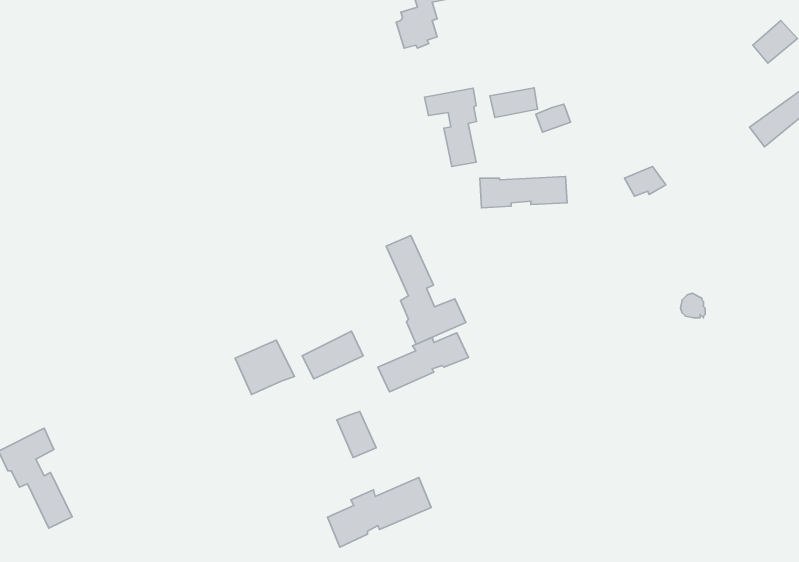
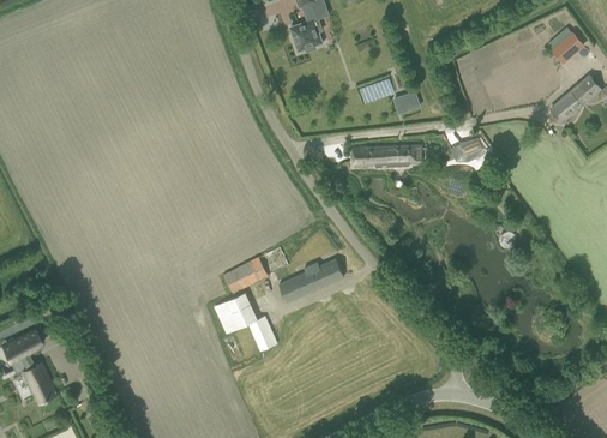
building: [424,88,476,167] -> none
building: [386,235,466,344] -> none
building: [235,340,294,394] -> [214,293,257,332]
building: [327,477,431,547] -> none

